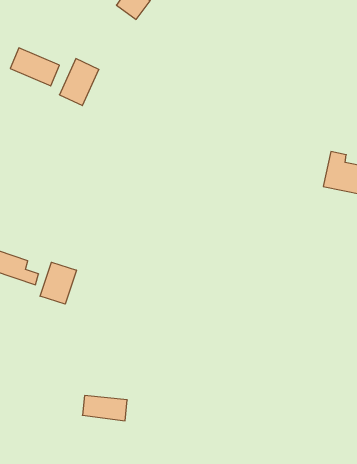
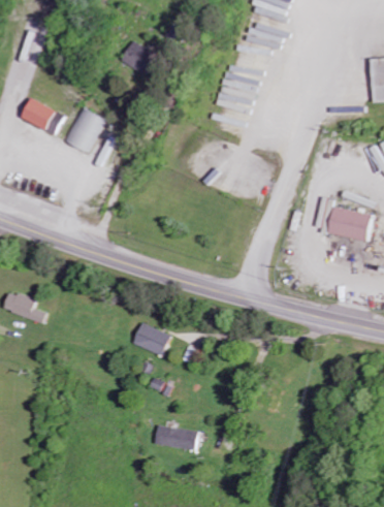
building: [40,262,76,304] -> none
building: none -> [133,323,169,354]
building: [82,396,127,421] -> [154,425,196,449]

